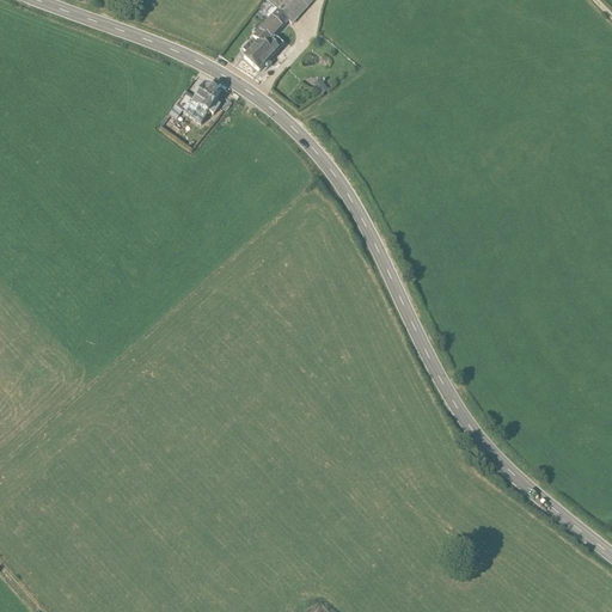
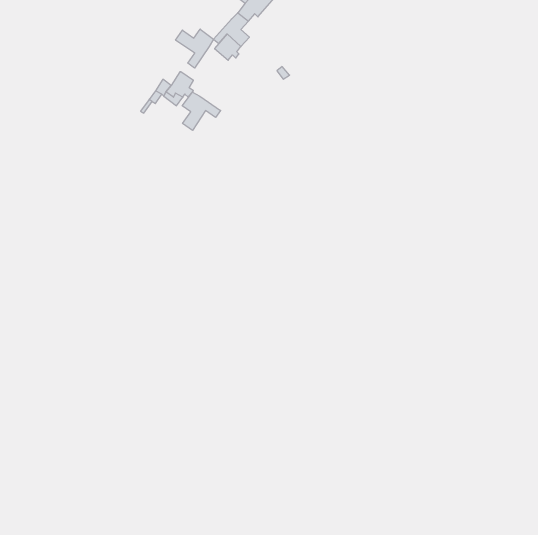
building: none -> [176,29,214,68]
building: none -> [182,92,221,130]

